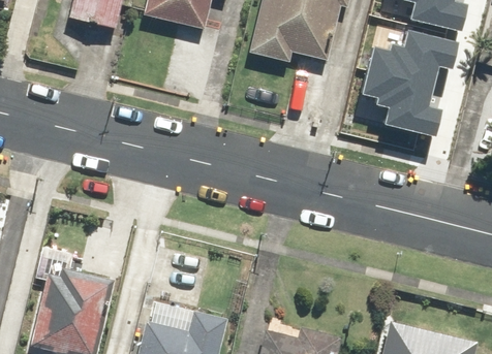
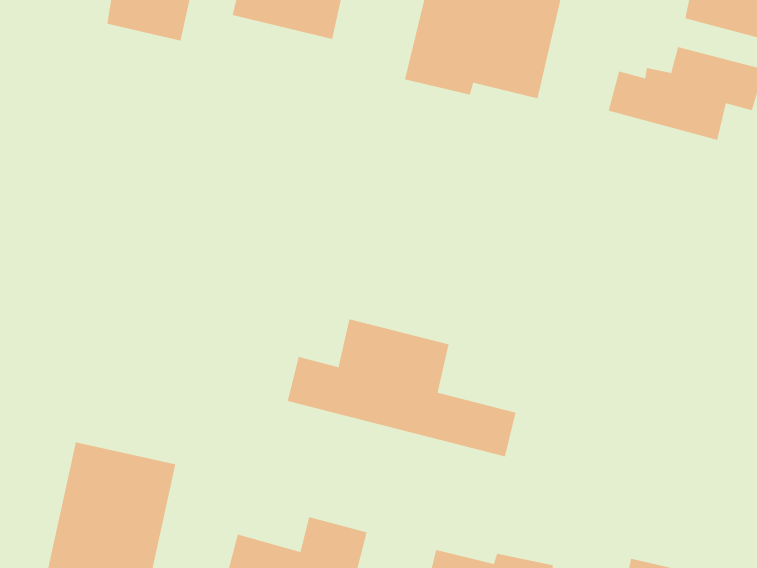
building: [362,70,442,137] -> none
building: none -> [287,318,516,457]

